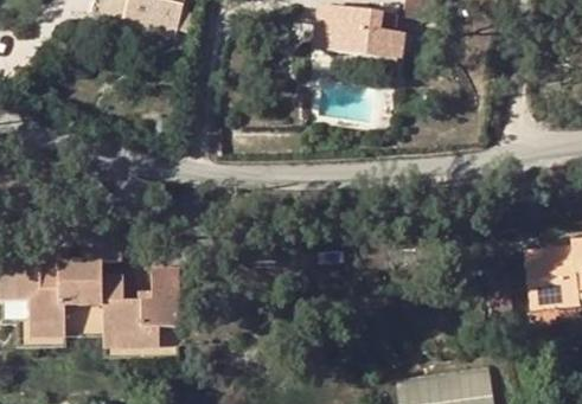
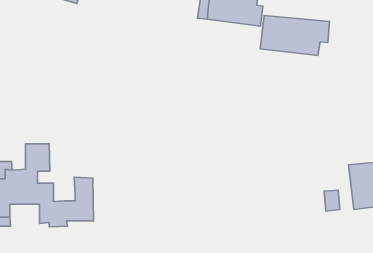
building: none -> [260,15,330,55]

